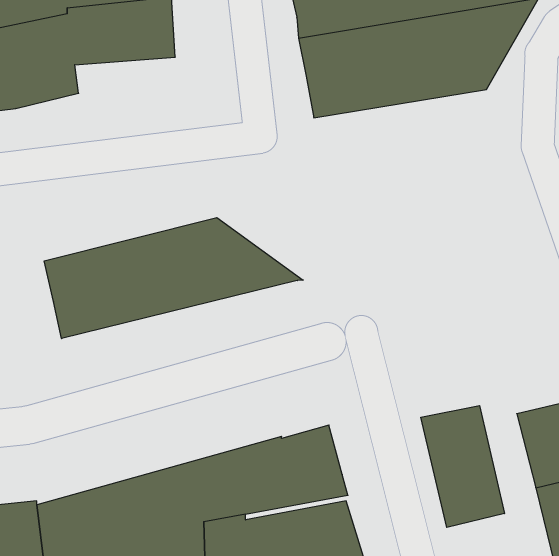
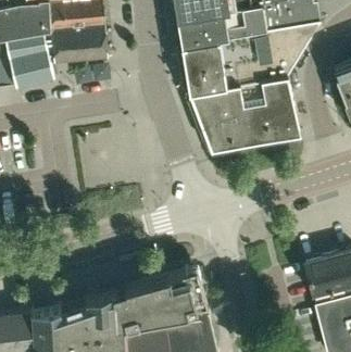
building: none -> [188,77,299,152]
building: [44,218,303,339] -> none
building: [421,406,504,527] -> none

